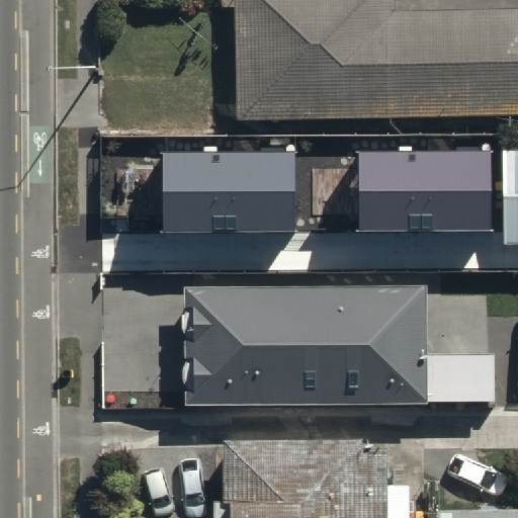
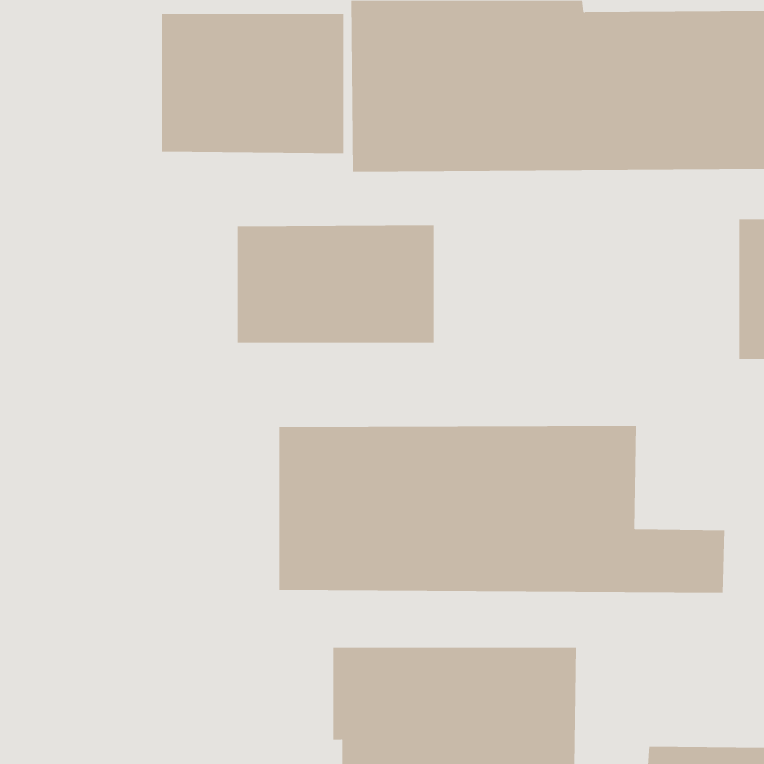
building: none -> [162,13,344,154]
building: [359,153,493,232] -> none

